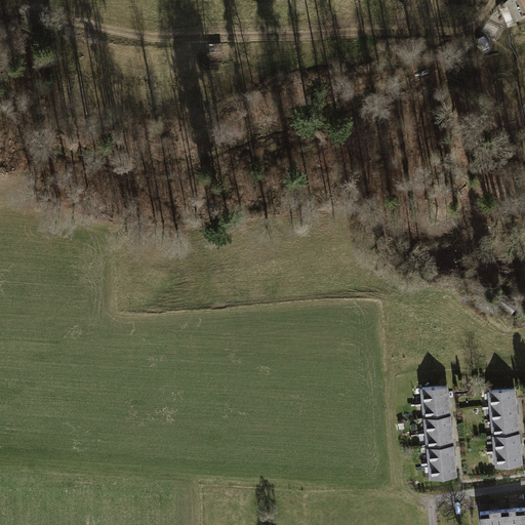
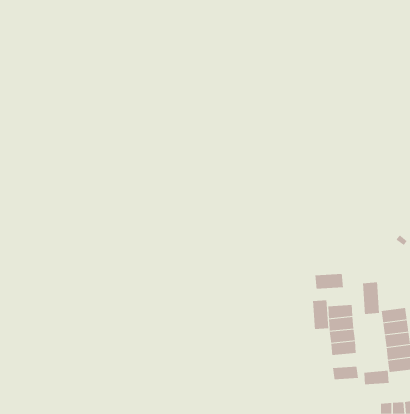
building: none -> [315,273,344,290]
building: none -> [362,281,380,315]
building: none -> [313,300,329,330]
building: [425,446,457,465] -> [363,370,389,385]

